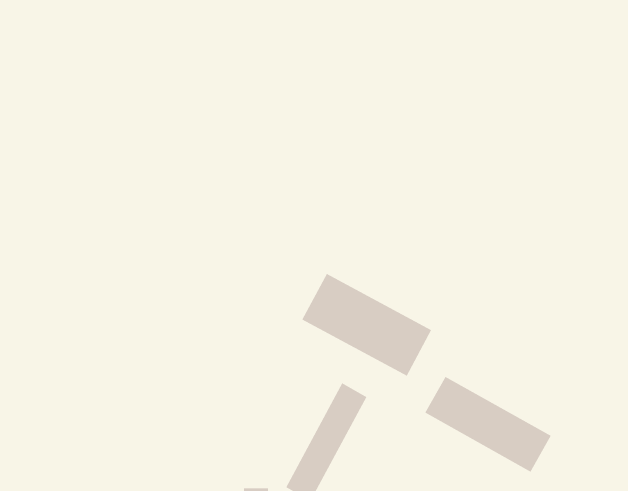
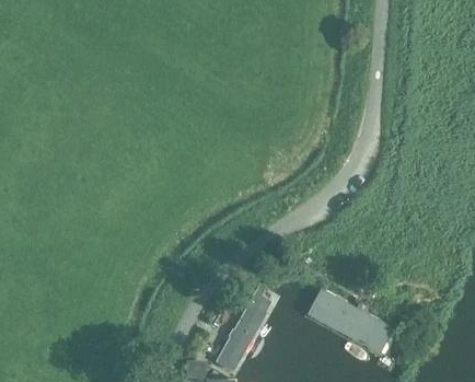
building: [301,273,432,377] -> none

